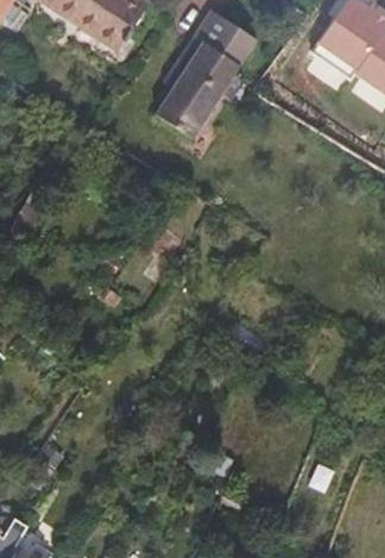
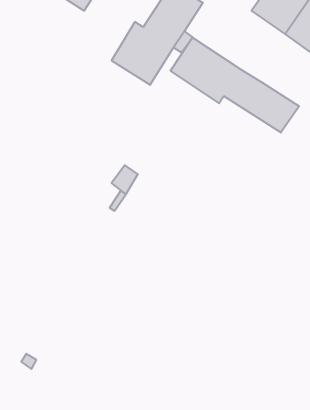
building: none -> [171,38,299,133]

